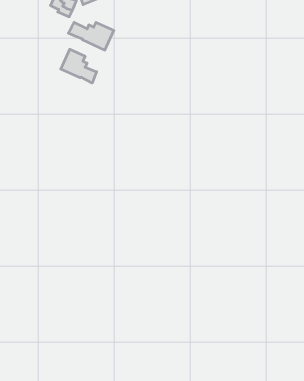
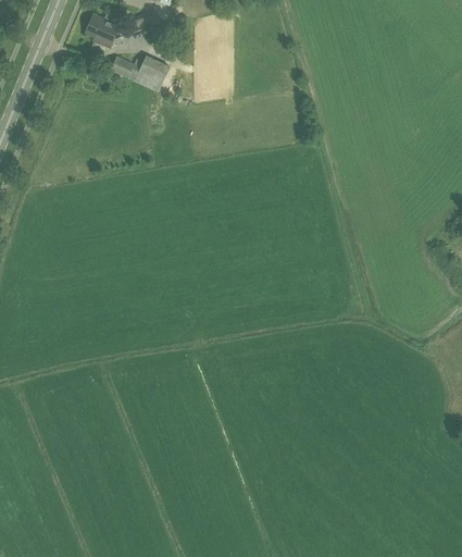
building: [61,49,97,83] -> none

